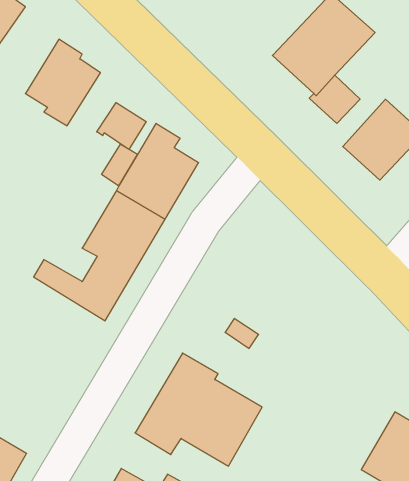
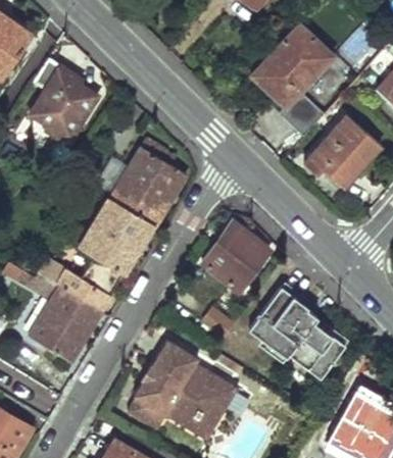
building: [97,103,146,149] -> none
building: none -> [200,218,271,291]
building: none -> [26,273,101,371]
building: none -> [251,286,351,377]

